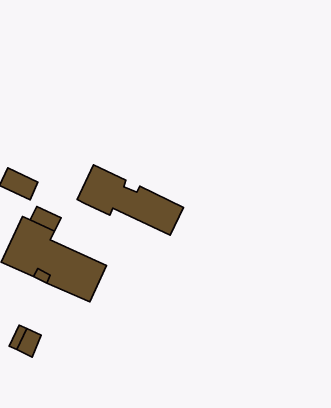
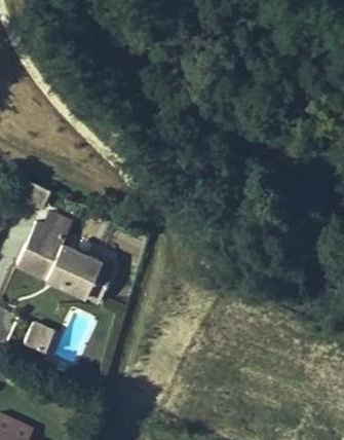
building: [77,165,183,235] -> none

